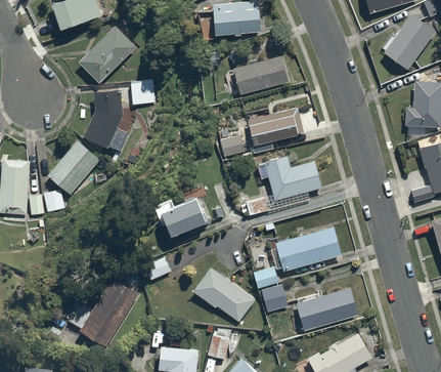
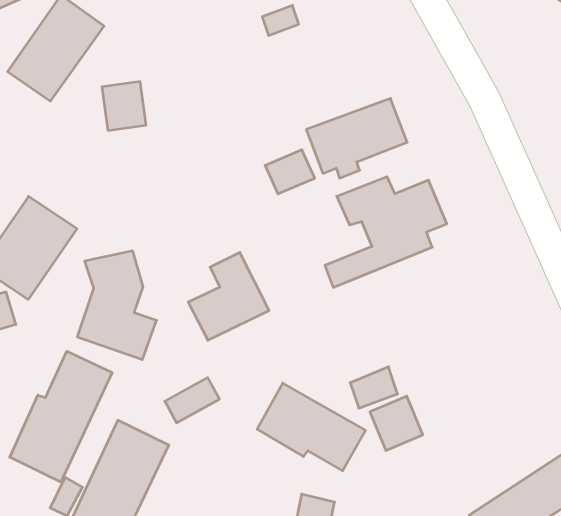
building: [232,56,291,94] -> none
building: [83,91,130,155] -> [77,251,157,360]
building: [276,225,343,270] -> none
building: none -> [10,351,112,482]
building: [296,286,357,331] -> none

